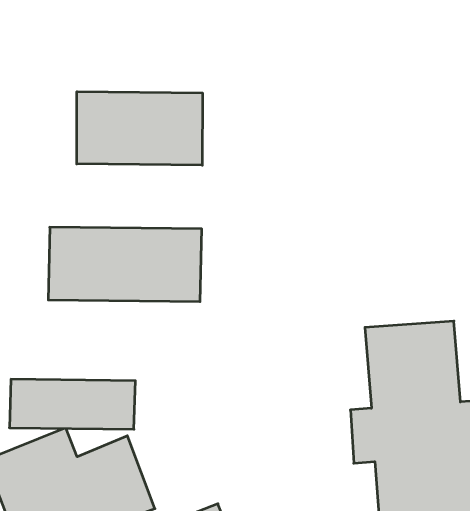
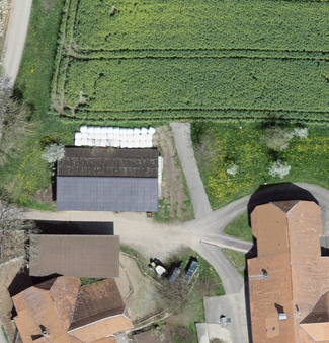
building: [77,92,202,165] -> none

